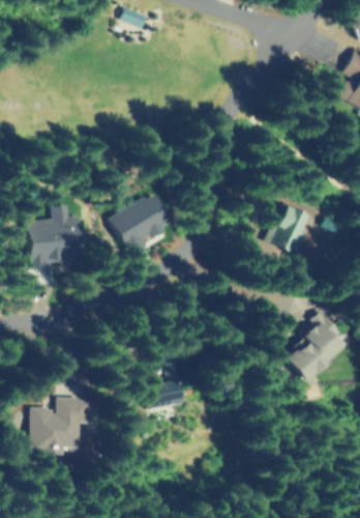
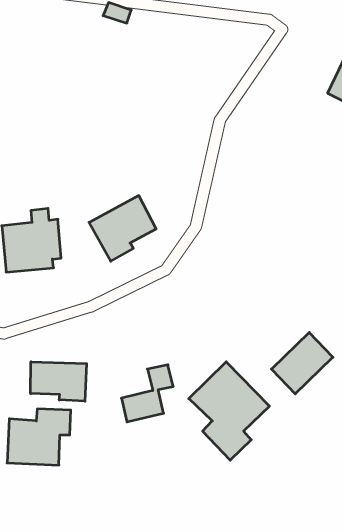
building: [267,204,310,259] -> none
building: none -> [31,362,87,401]
building: none -> [189,362,269,460]

